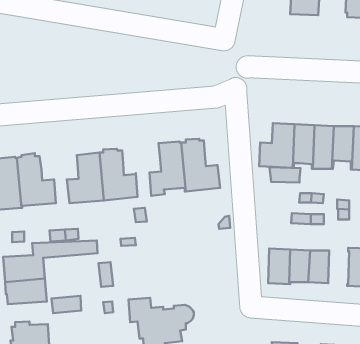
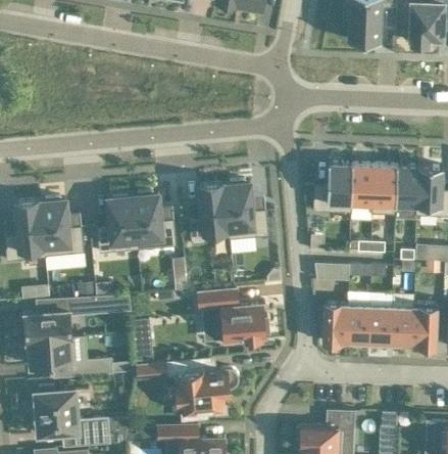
building: [269,167,300,183] -> [314,264,349,281]
building: none -> [198,288,269,343]
building: none -> [390,307,413,345]

